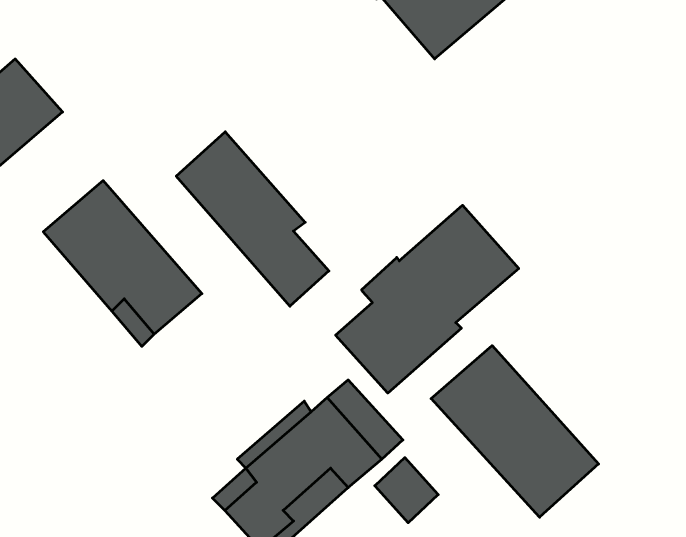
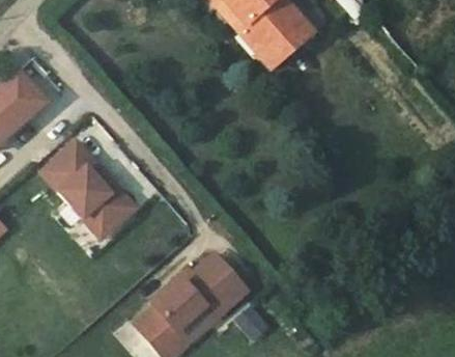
building: [176,132,329,306] -> none
building: [336,205,519,393] -> none
building: [431,346,599,517] -> none

